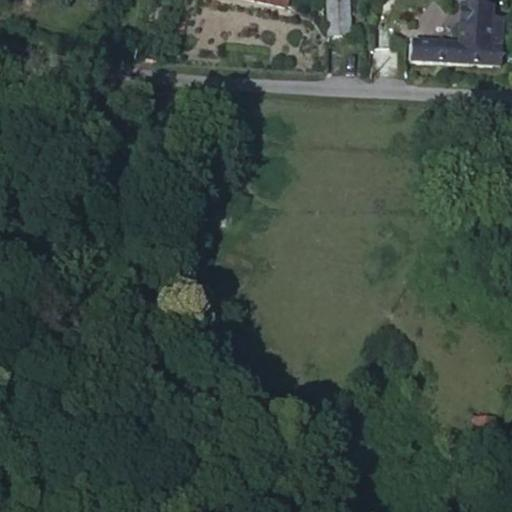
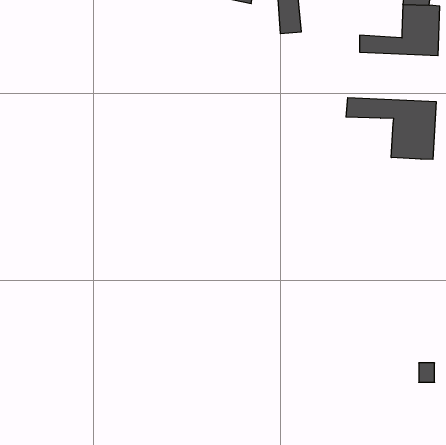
building: none -> [346,98,436,159]

